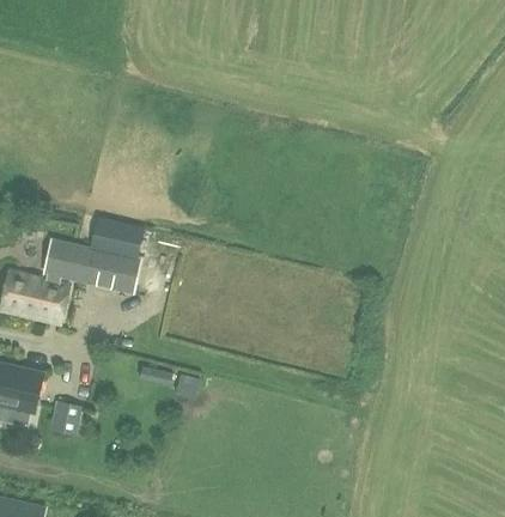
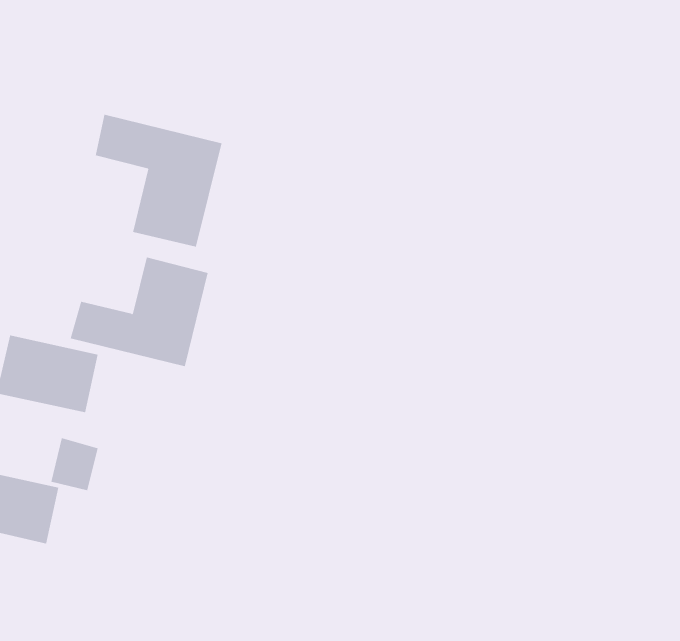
building: none -> [95,114,222,247]
building: [48,400,80,436] -> [51,438,99,491]

